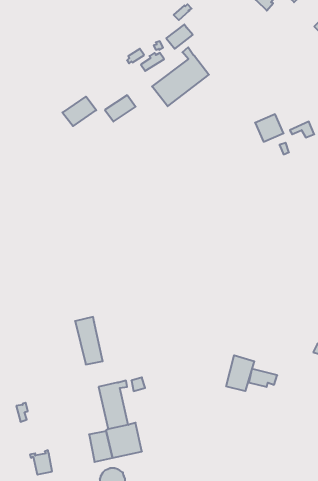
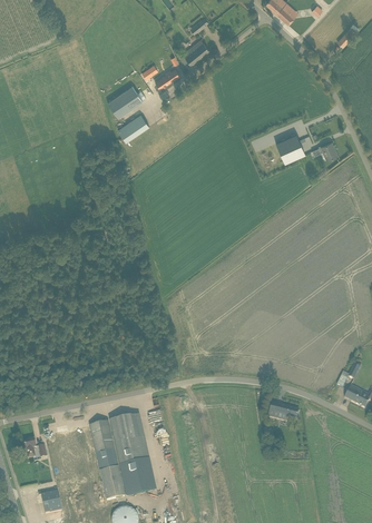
building: [152,47,209,106] -> none
building: [62,97,96,126] -> [107,86,143,117]
building: [75,317,103,364] -> [89,421,118,471]
building: [226,355,254,391] -> none

